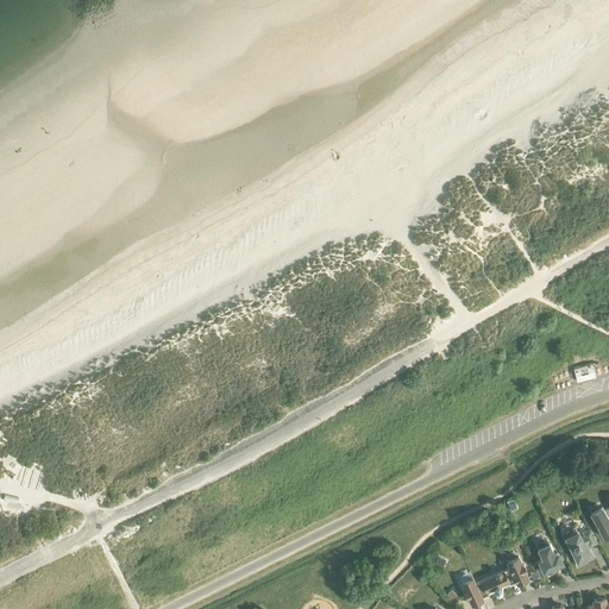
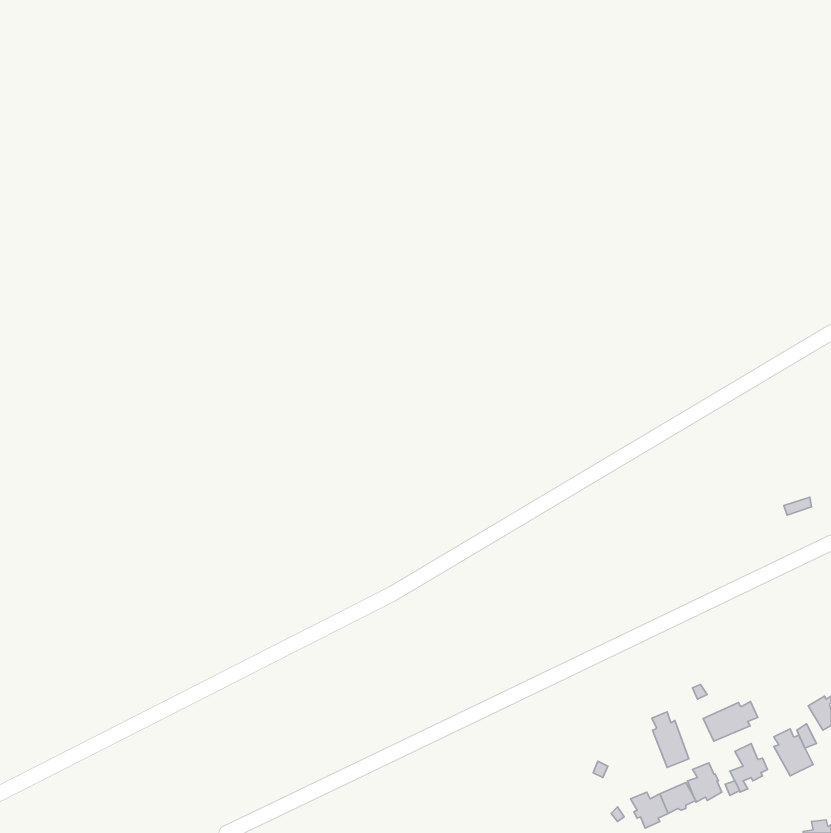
building: none -> [703,702,758,741]
building: none -> [652,712,689,768]

